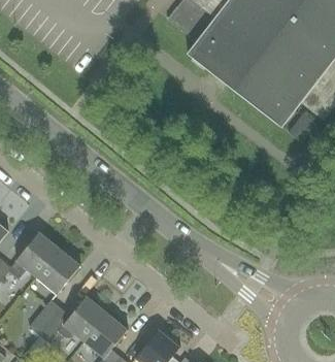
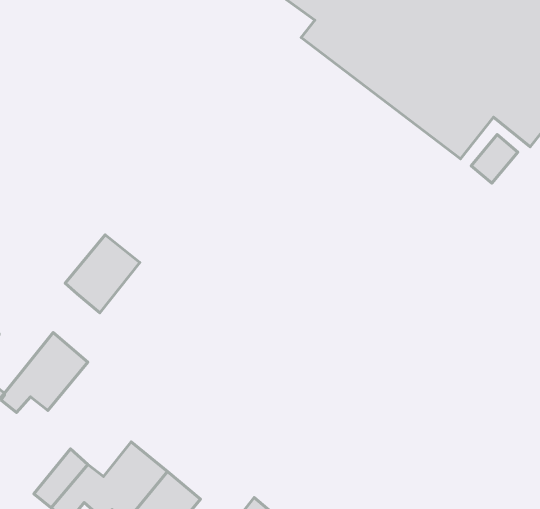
building: [36,248,80,294] -> [65,235,140,313]

